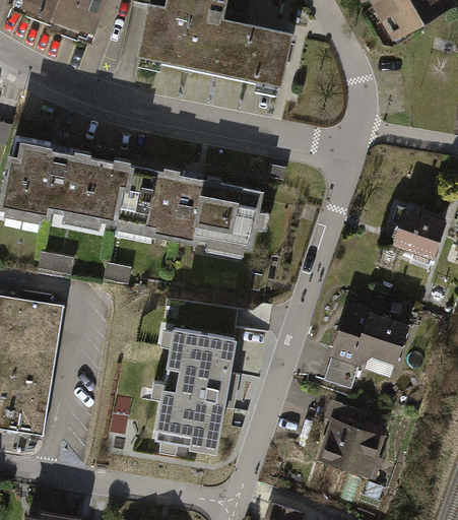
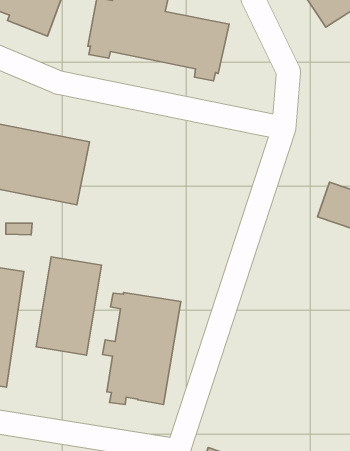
building: [122,162,264,258] -> none
building: none -> [36,257,102,355]
building: [322,303,408,390] -> none
building: [315,401,384,479] -> none

